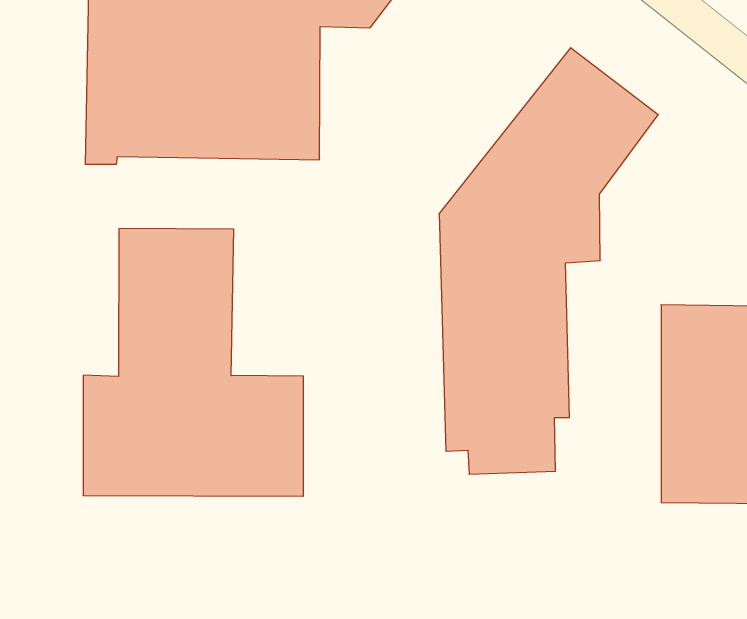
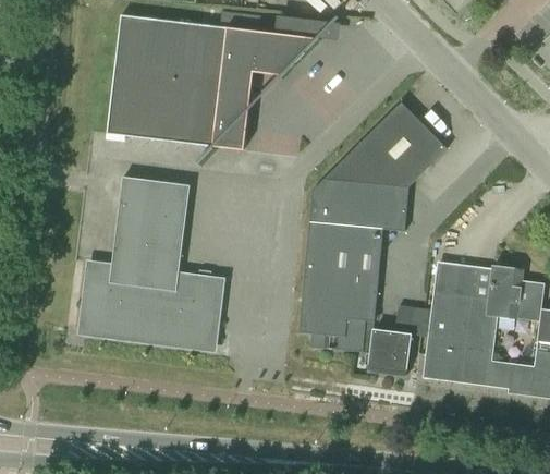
building: none -> [367,304,413,375]

